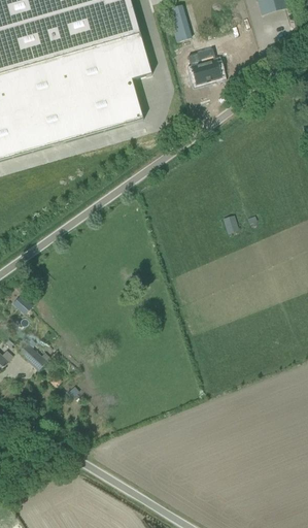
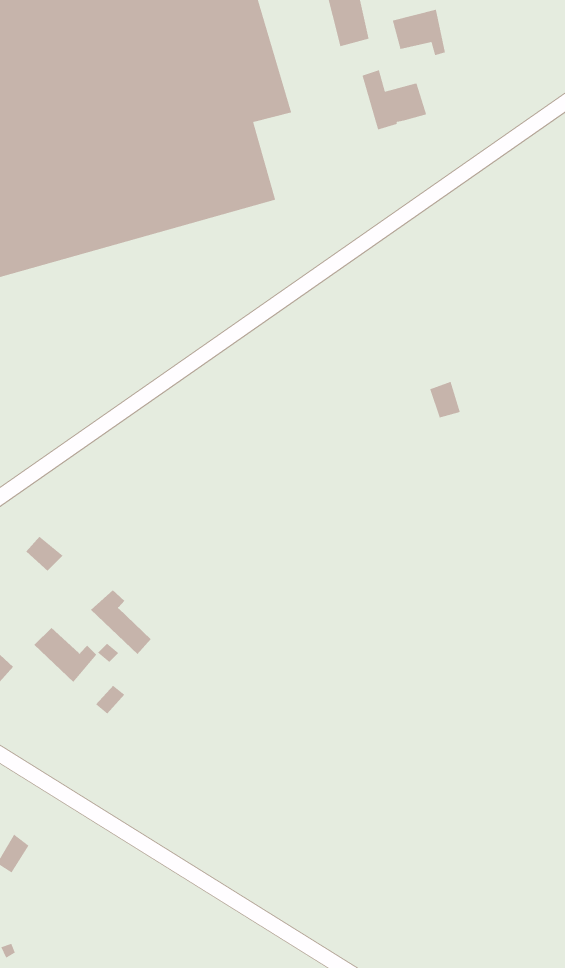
building: none -> [392,9,446,56]
building: none -> [90,589,151,655]

